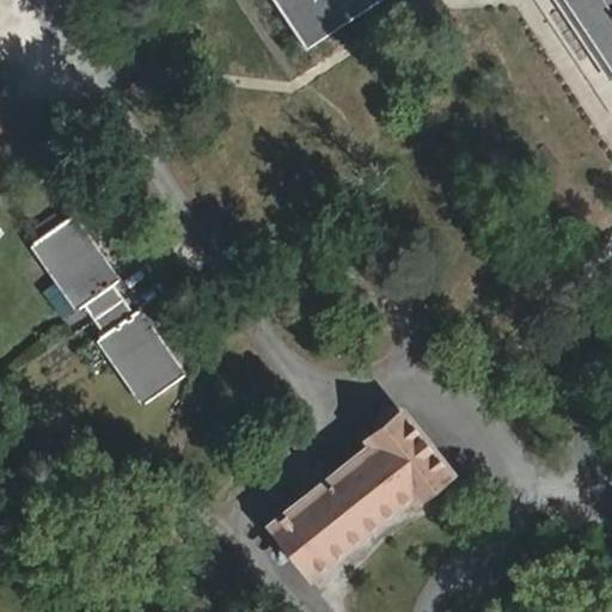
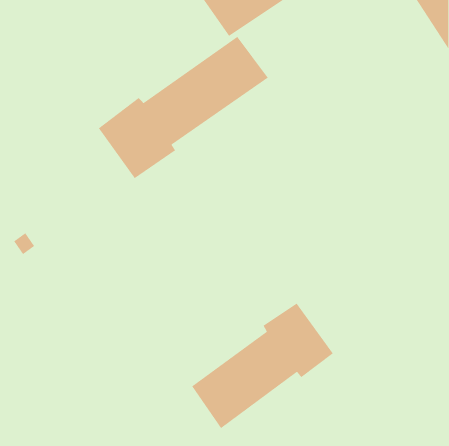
building: none -> [98,36,269,179]
building: [33,220,190,408] -> none

